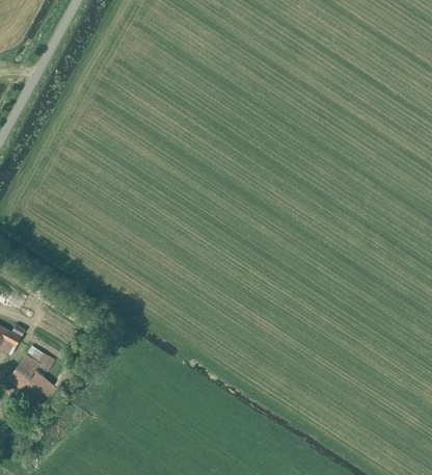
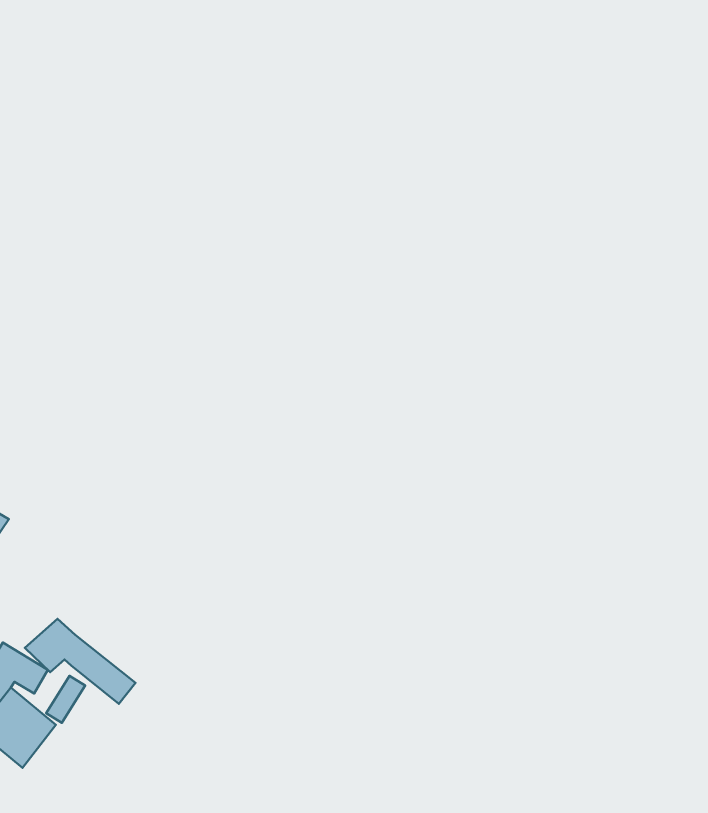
building: none -> [25,619,135,704]

